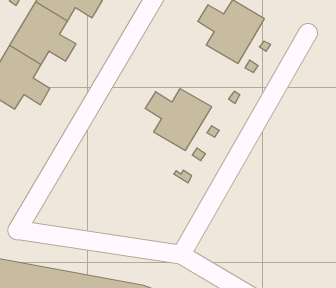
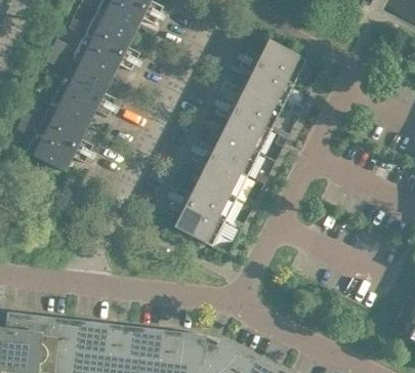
building: none -> [216,89,284,152]
building: none -> [170,181,237,245]

